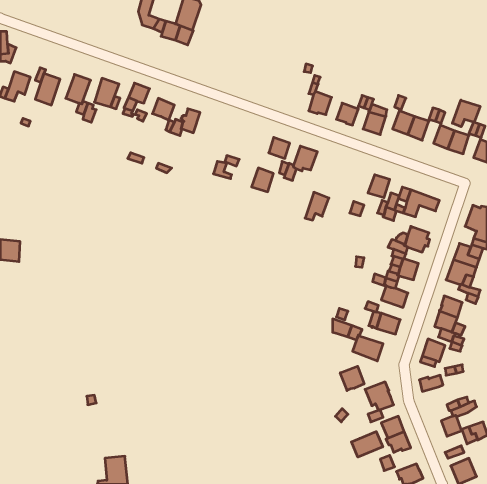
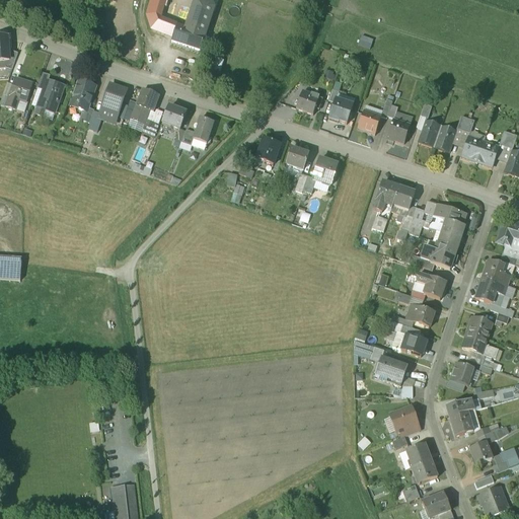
building: none -> [295,89,321,113]
building: [452,100,480,127] -> none
building: [252,168,273,192] -> [256,137,280,162]
building: [305,192,329,220] -> [373,179,398,209]
building: none -> [439,218,464,247]
building: [340,366,364,391] -> none
building: none -> [449,411,472,435]
building: [351,432,383,457] -> none

